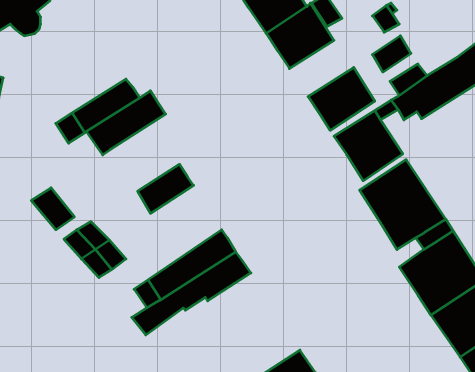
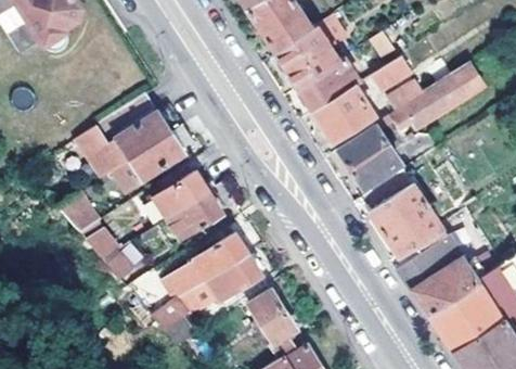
building: none -> [296,54,359,110]
building: none -> [117,126,191,188]
building: none -> [167,192,221,238]
building: none -> [249,291,296,349]

